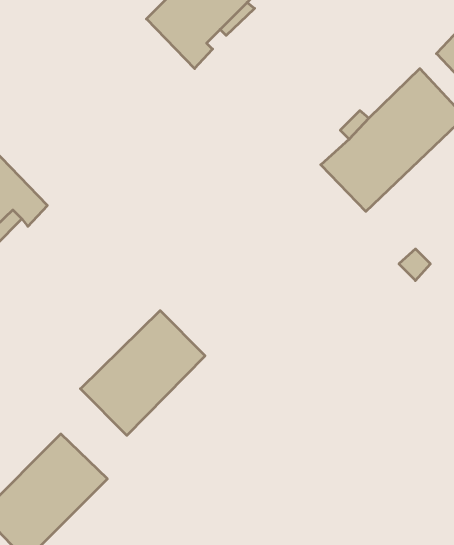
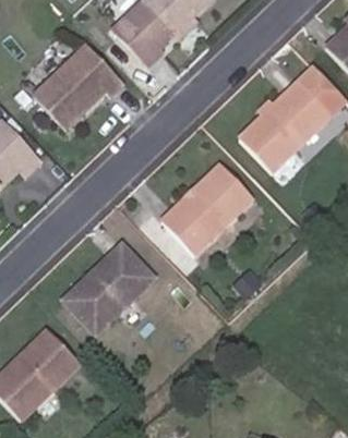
building: none -> [34,46,121,130]
building: none -> [148,162,240,253]

